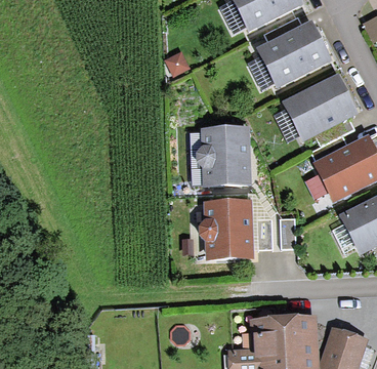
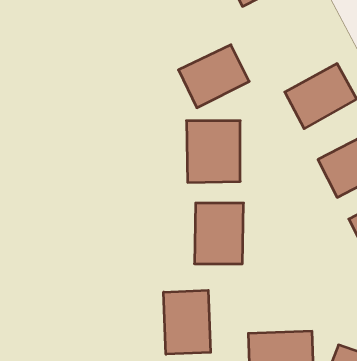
building: [261,26,325,82] -> [178,45,249,108]
building: none -> [164,290,211,354]

